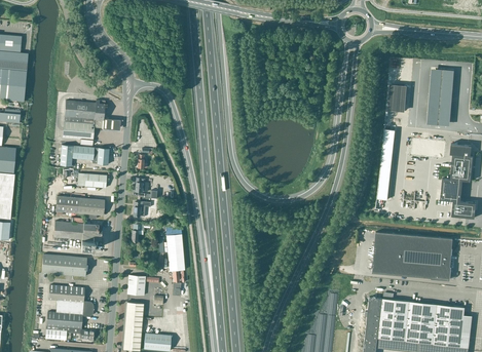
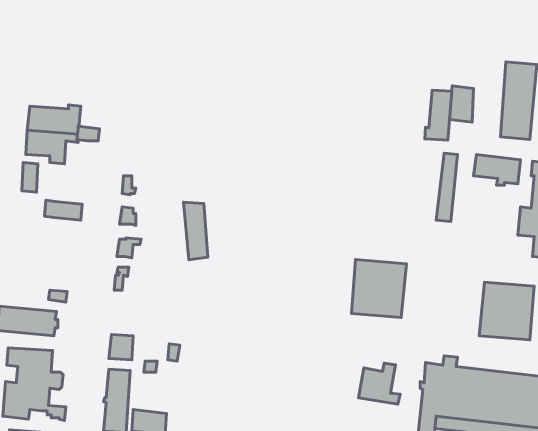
building: none -> [425,90,452,140]
building: [72,145,109,164] -> none
building: [55,196,104,219] -> none
building: [53,221,102,241] -> none
building: [165,227,184,271] -> [184,202,208,260]
building: [372,232,414,276] -> [352,260,407,317]
building: none -> [359,363,400,404]

